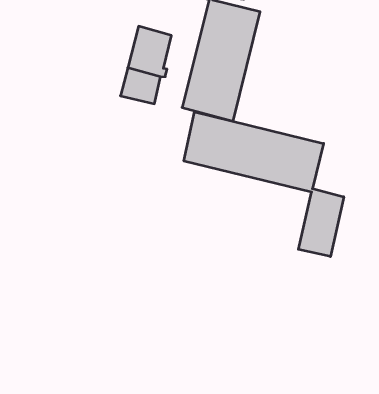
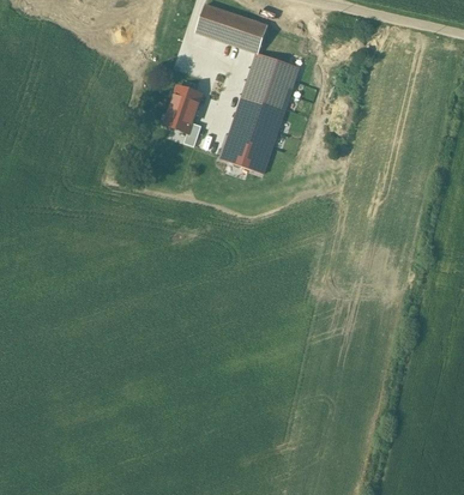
building: [184,112,344,257] -> none

